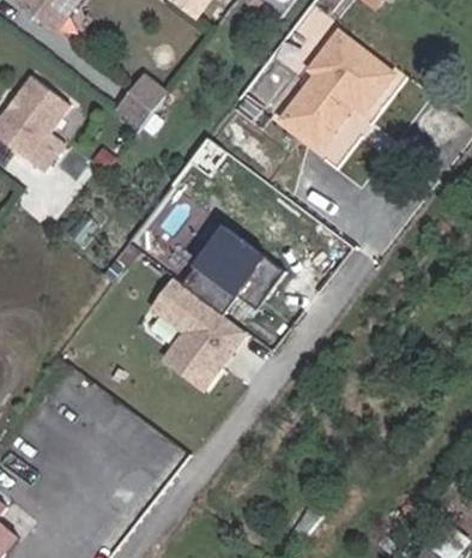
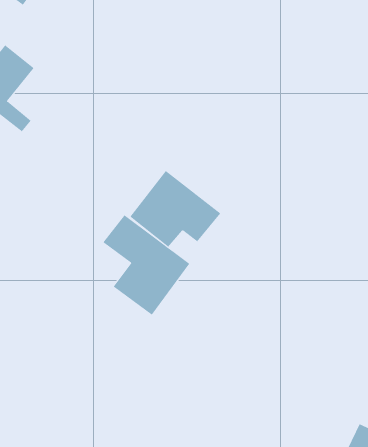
building: [288,35,400,151] -> none
building: [119,79,165,130] -> none

